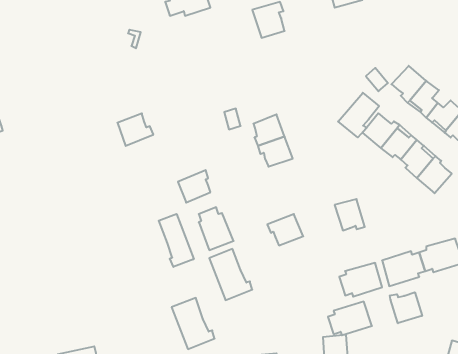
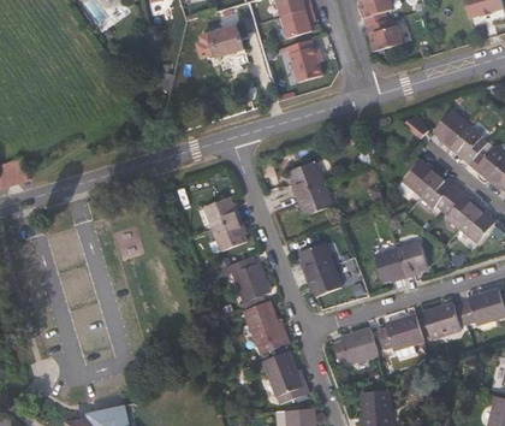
building: [338,93,379,137] -> none
building: [117,113,153,146] -> [202,197,239,231]
building: none -> [396,242,426,278]
building: none -> [298,243,331,276]
building: [159,214,194,267] -> none
building: [390,292,422,323] -> none
building: [172,298,215,349] -> [262,351,307,404]
building: [328,302,372,335] -> [332,329,378,363]

